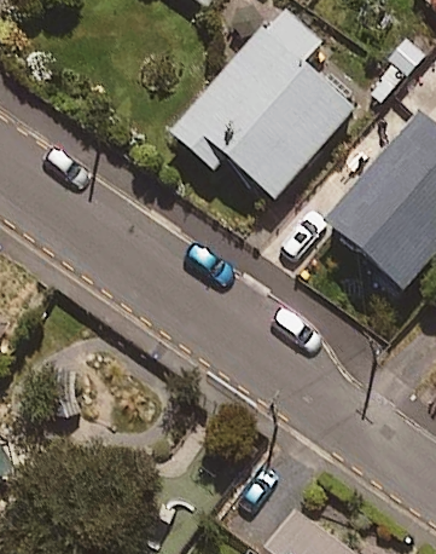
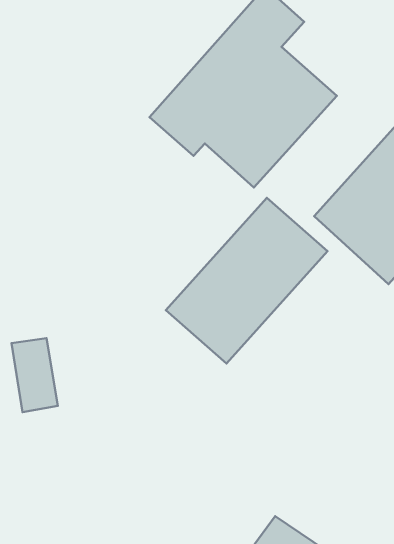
building: none -> [166,198,327,363]

